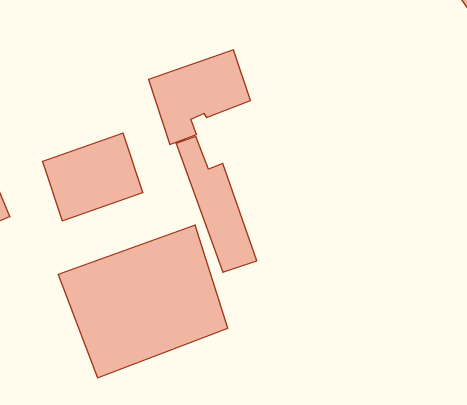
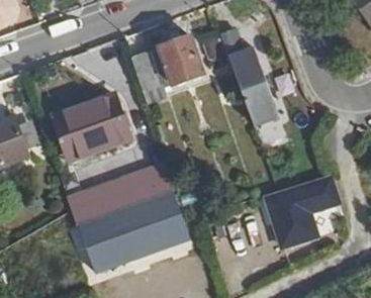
building: [176,137,257,272] -> [220,28,278,125]
building: none -> [265,177,338,250]

